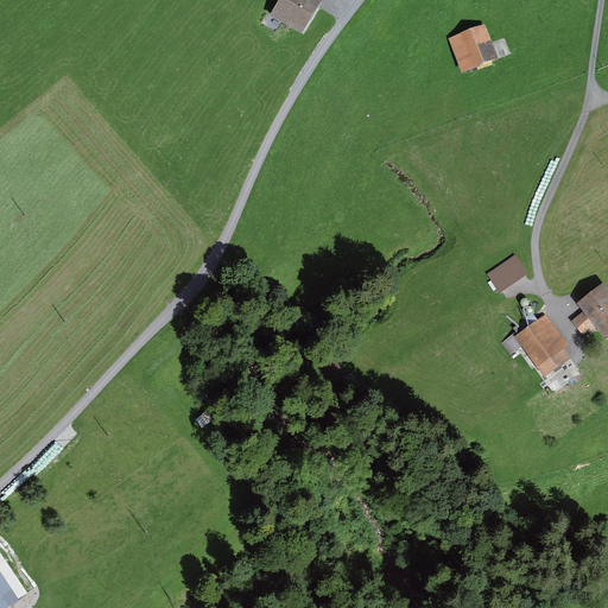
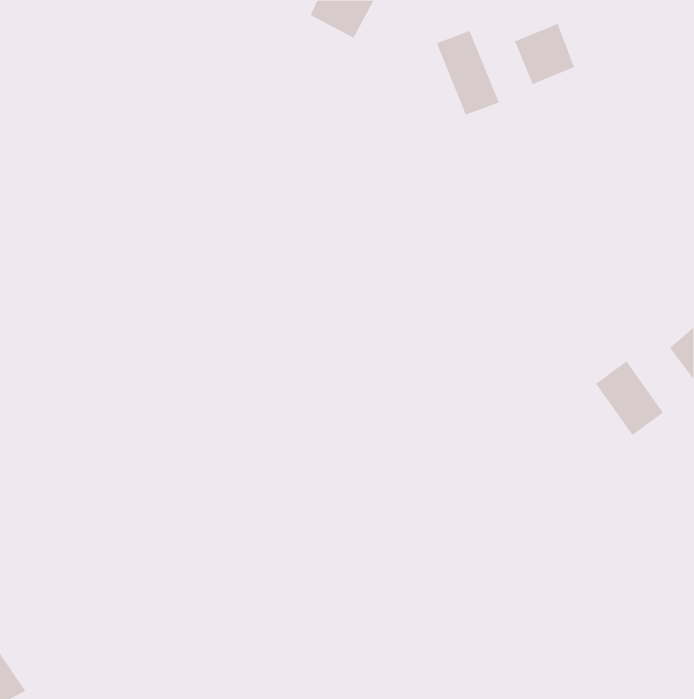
building: none -> [436,30,499,115]
building: [487,252,527,290] -> none

